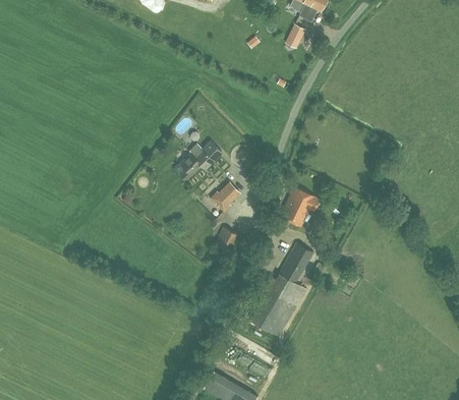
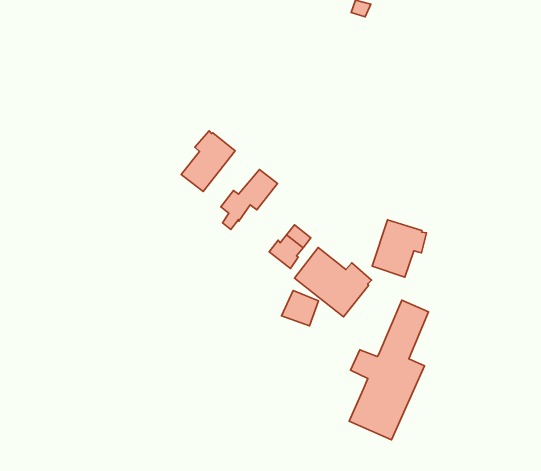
building: none -> [181,131,235,191]
building: none -> [295,248,371,317]

